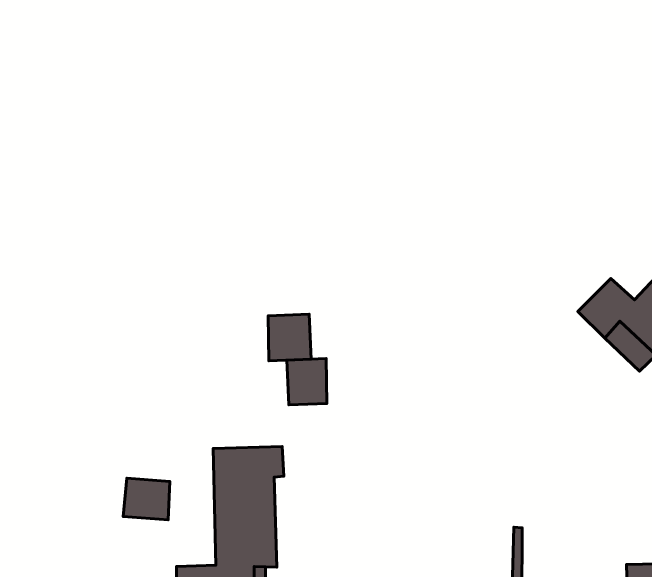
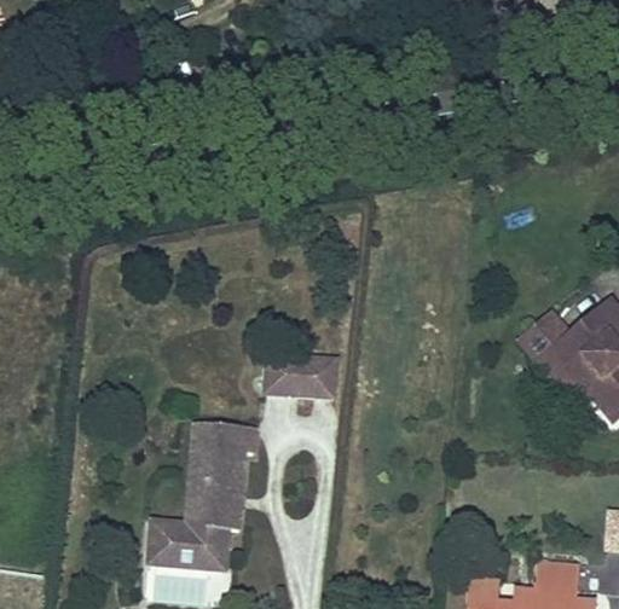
building: [268,314,311,361] -> [297,358,336,399]
building: [123,478,170,520] -> none

